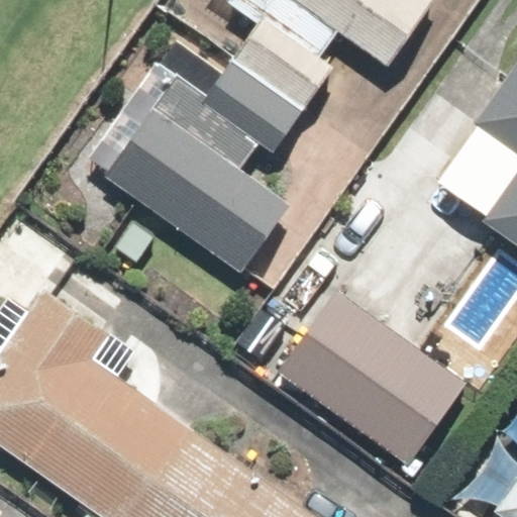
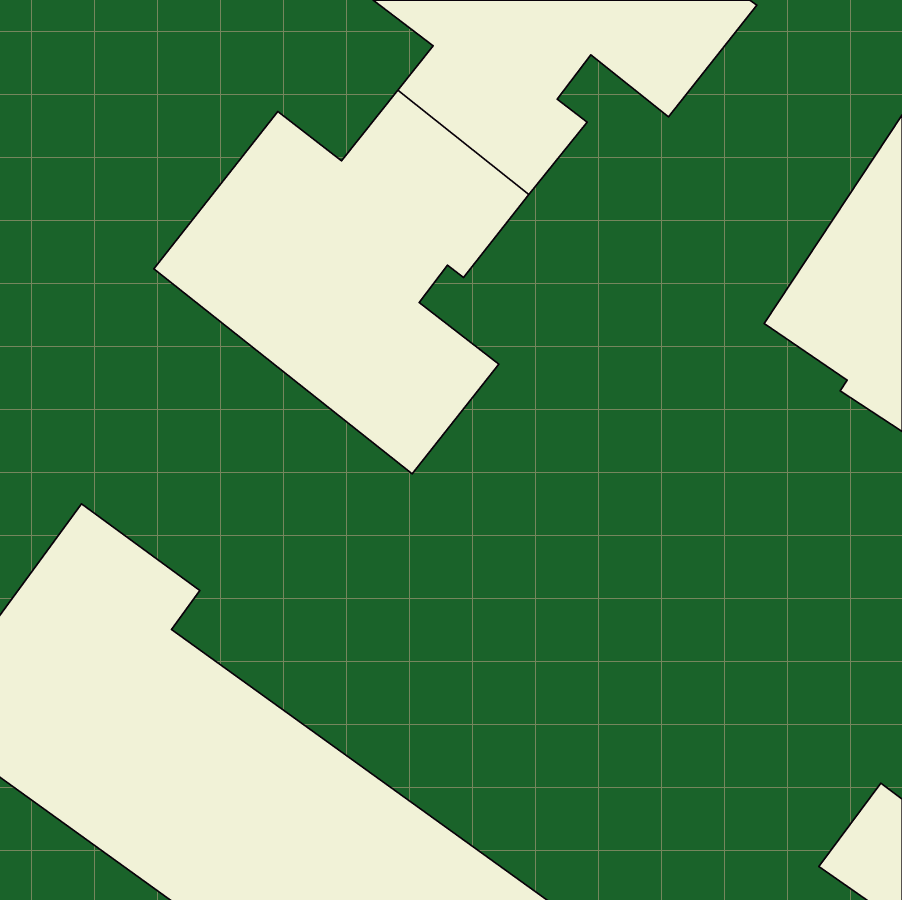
building: [285,280,473,452] -> none

